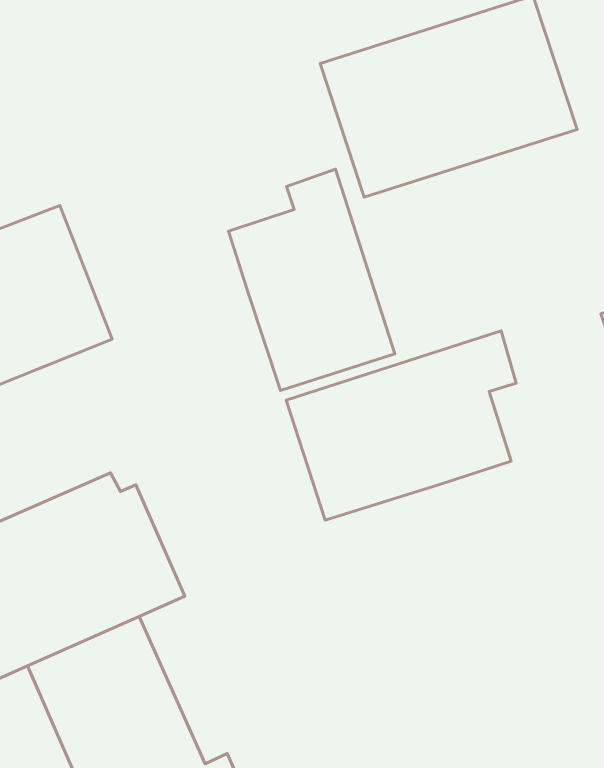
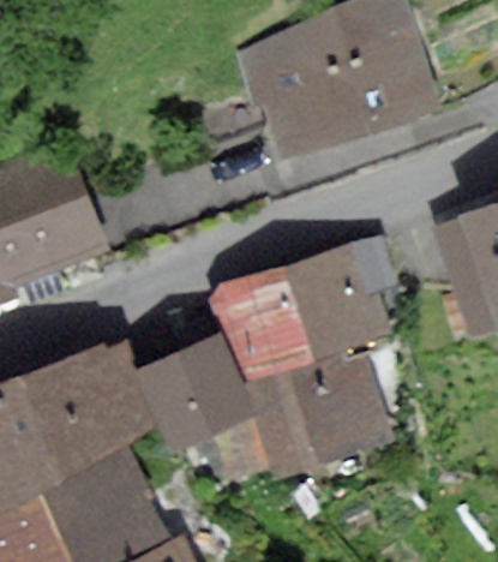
building: [228,169,395,390] -> none
building: none -> [142,340,248,444]
building: none -> [254,349,390,471]

